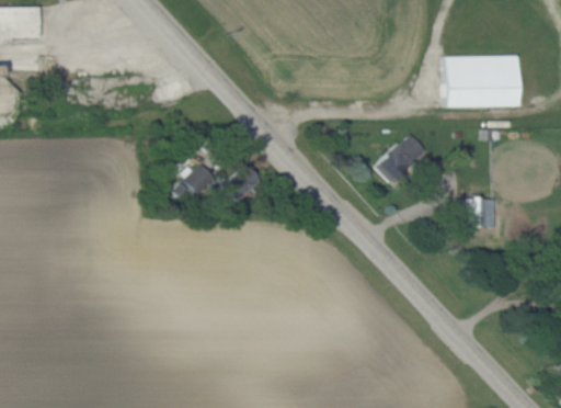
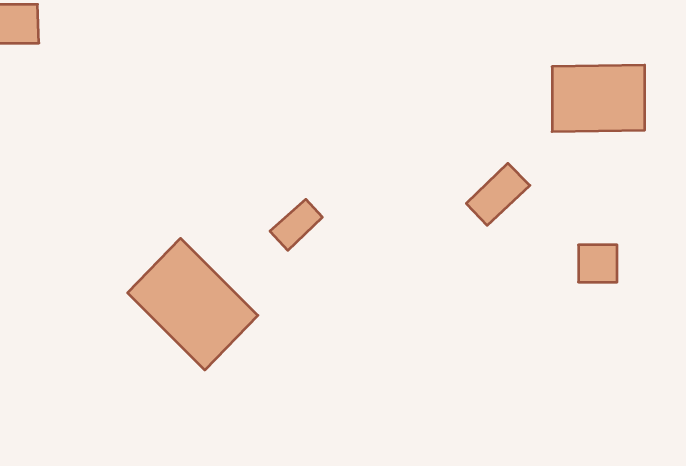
building: [184,165,215,195] -> none
building: none -> [128,238,258,370]

